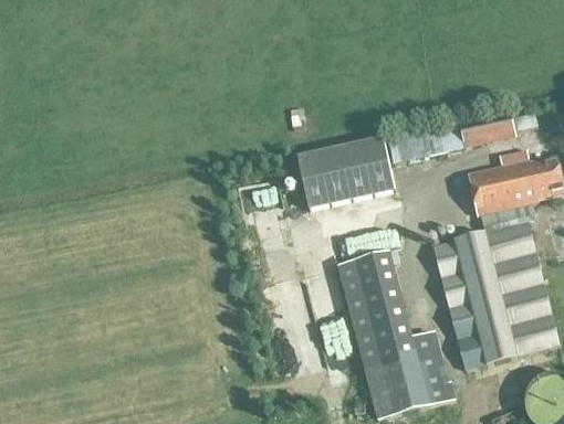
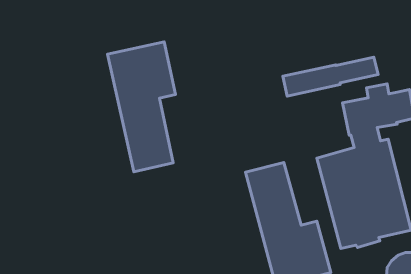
building: none -> [107,42,176,172]
building: [296,137,394,208] -> none

